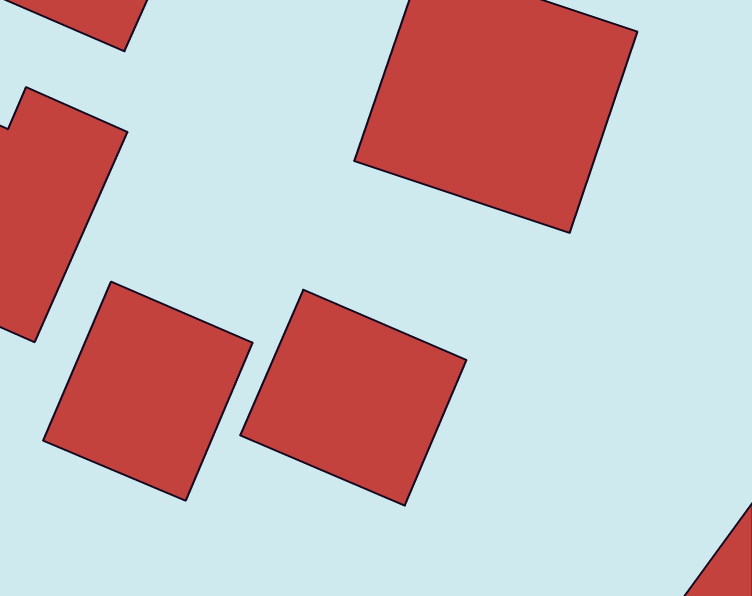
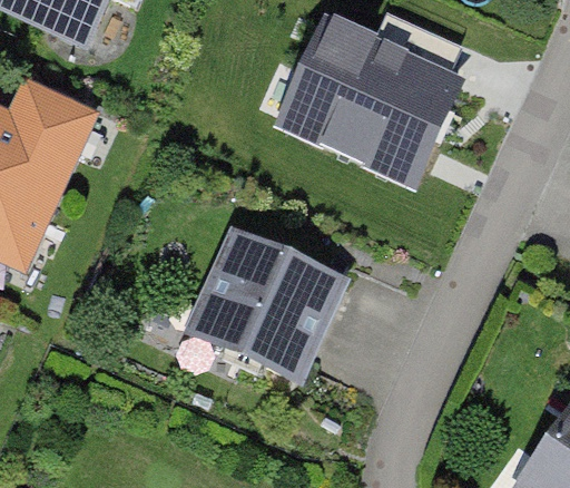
building: [43,282,252,501] -> none

